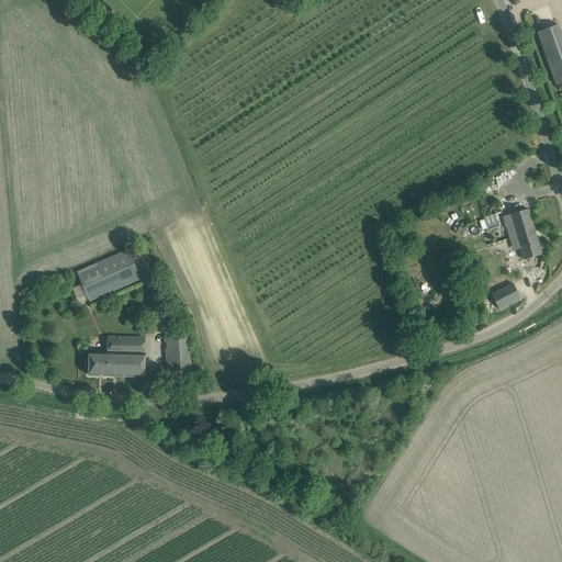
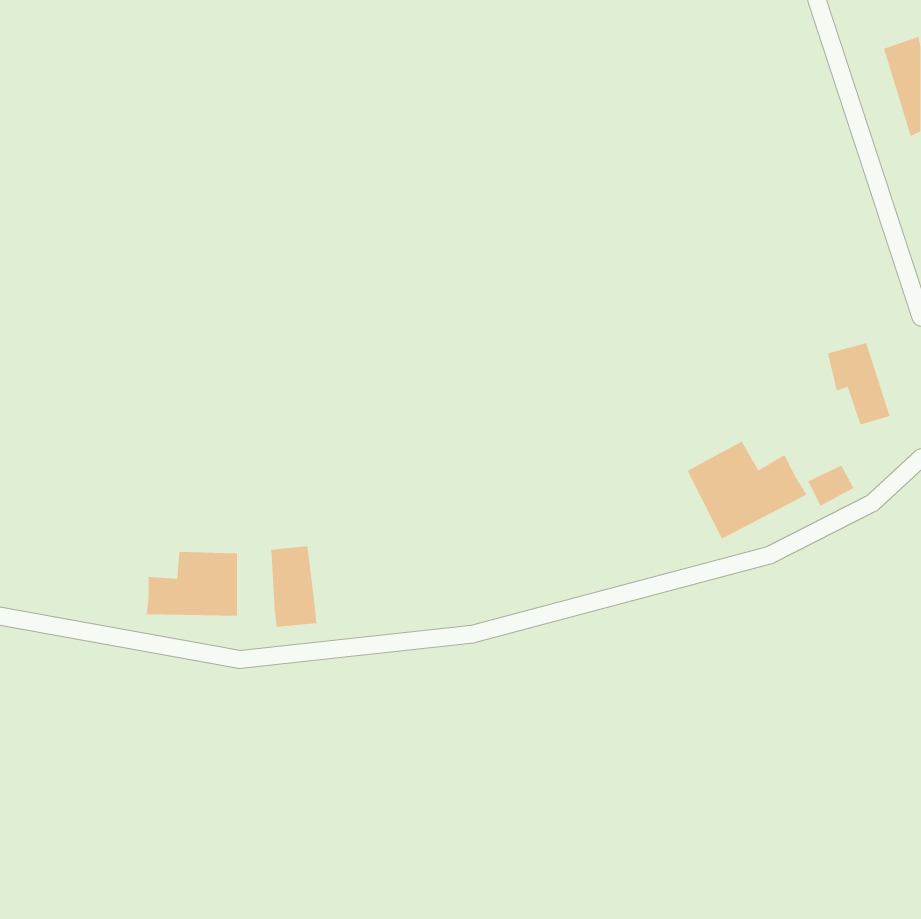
building: [77,248,142,300] -> none
building: none -> [687,441,807,540]

